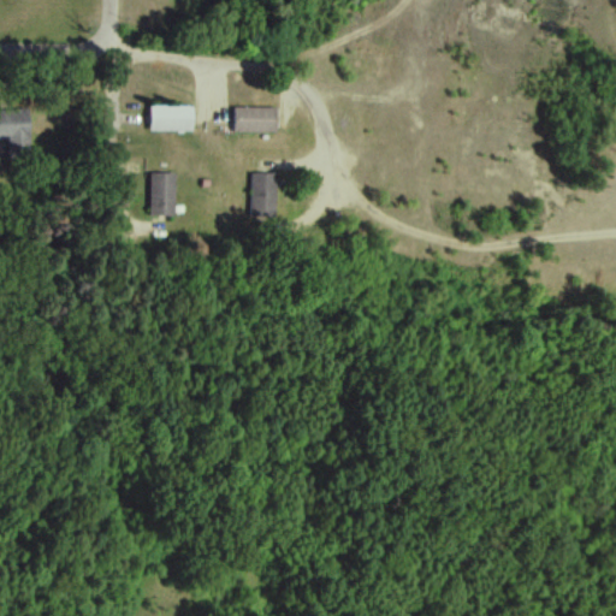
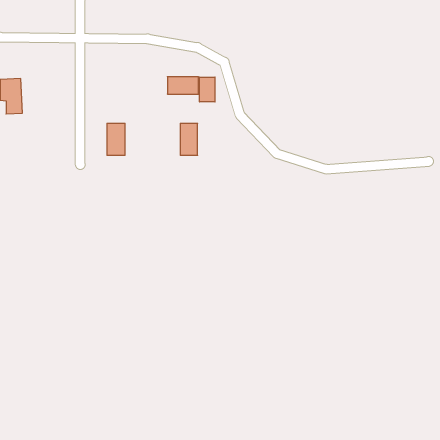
building: [150,105,194,130] -> none
building: none -> [200,77,215,102]

